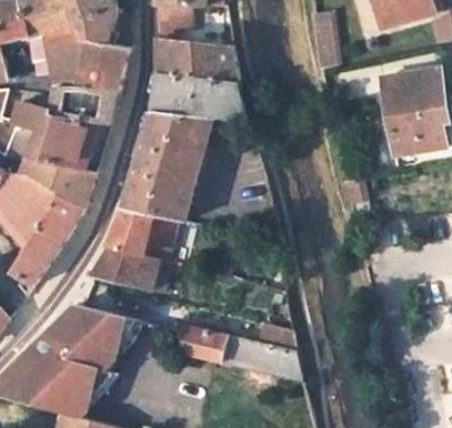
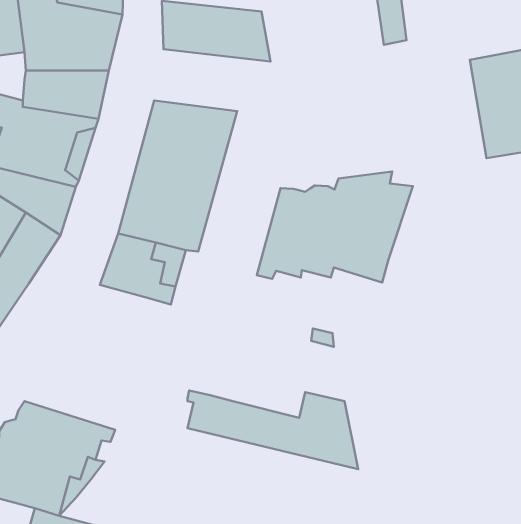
building: [149,71,245,120] -> none
building: none -> [257,172,413,282]
building: [89,244,167,292] -> none
building: [53,302,145,353] -> none

